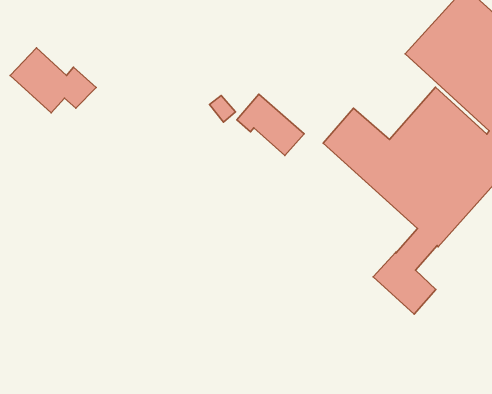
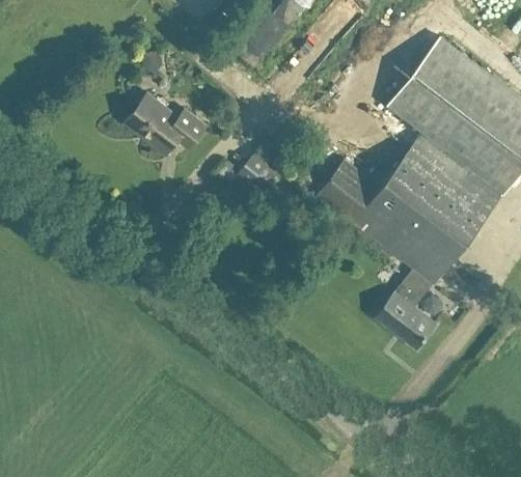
building: [10,48,96,113] -> [126,93,208,153]

